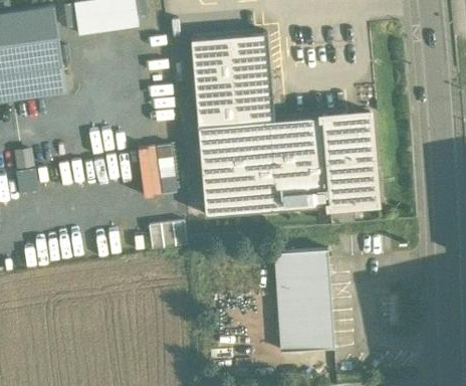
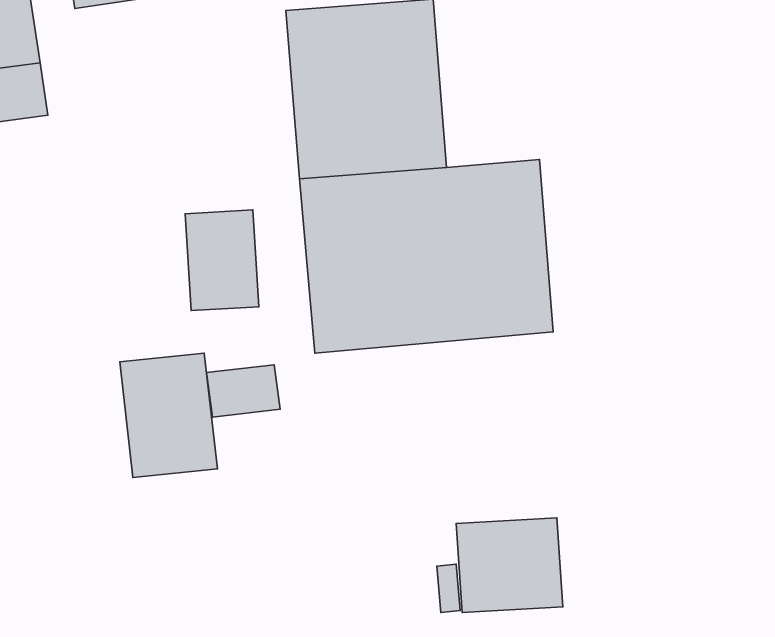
building: [321,112,376,205] -> none
building: none -> [120,353,218,478]
building: [274,248,330,305] -> none

